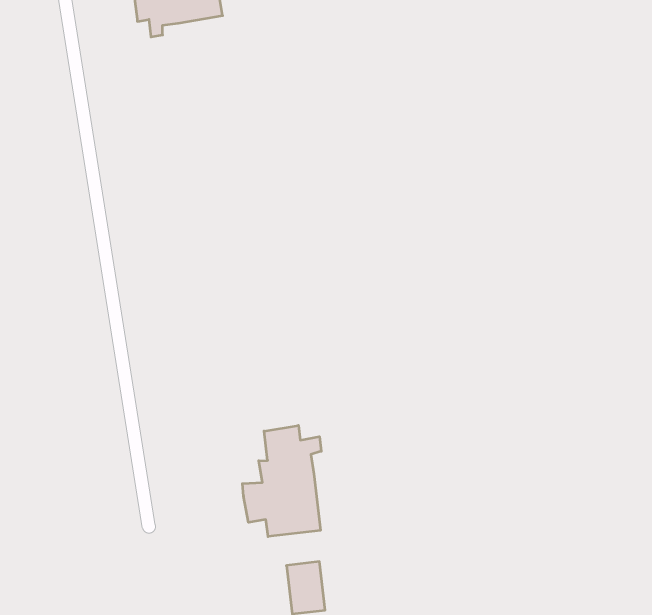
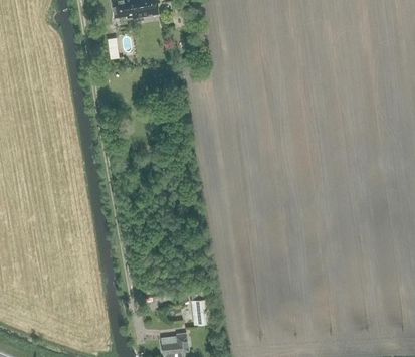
building: [242,425,321,537] -> none

